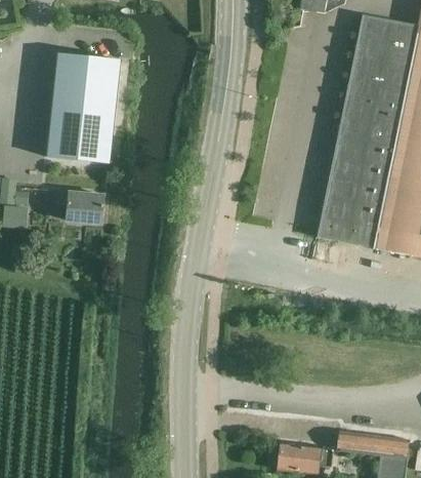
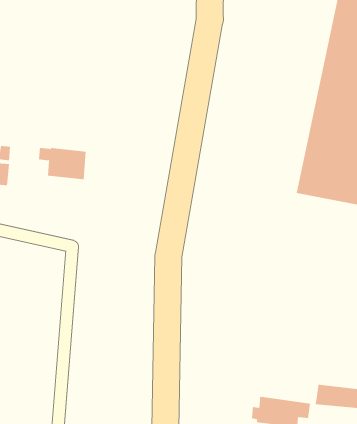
building: [46,53,120,162] -> none

